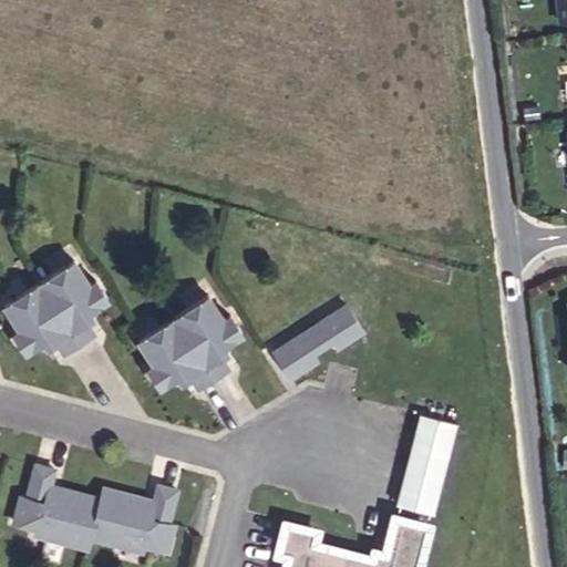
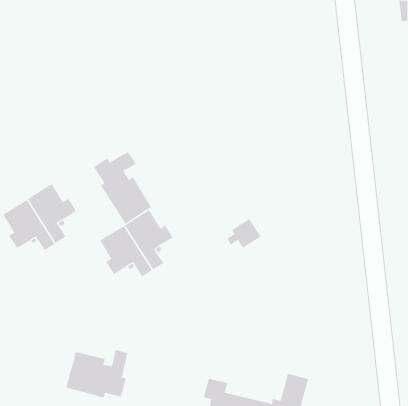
building: none -> [93,151,152,224]
building: [274,334,319,378] -> none
building: [398,416,456,515] -> none
building: [16,467,102,553] -> none

